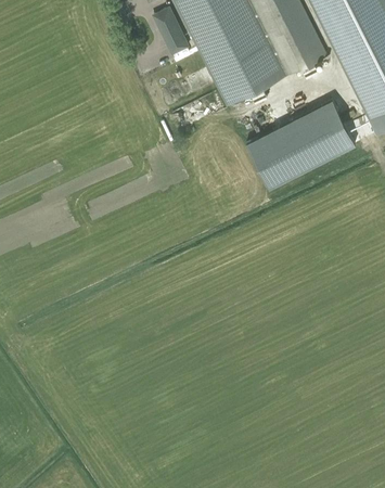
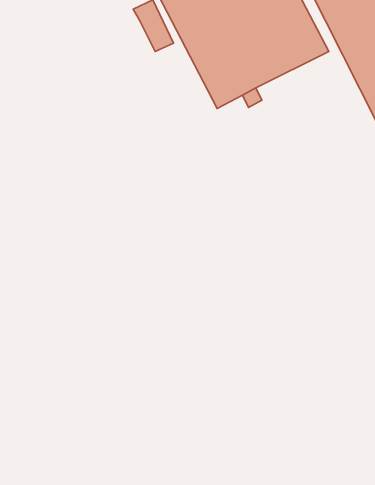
building: [247,100,356,189] -> none

